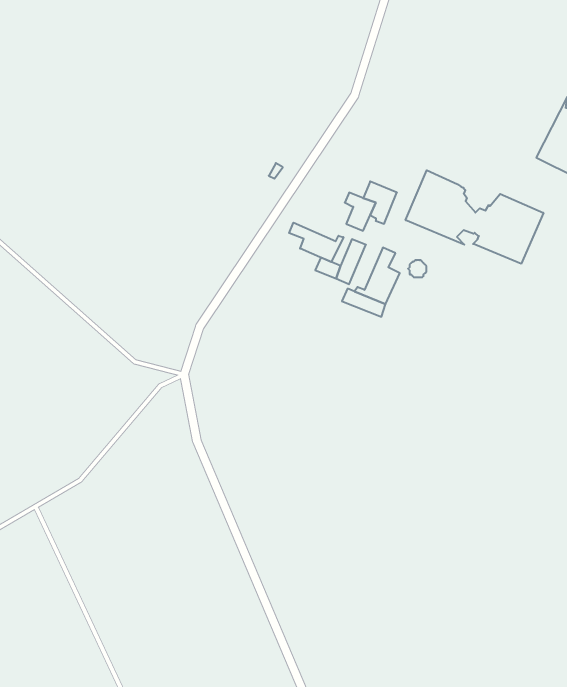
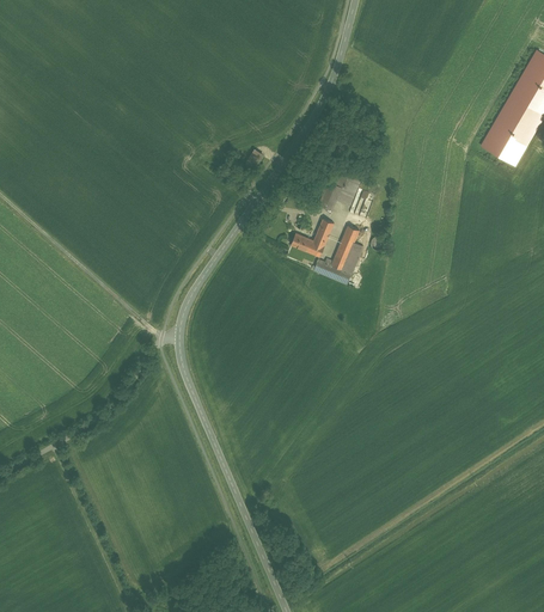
building: [406,170,543,264] -> none
building: [289,223,343,262] -> none

